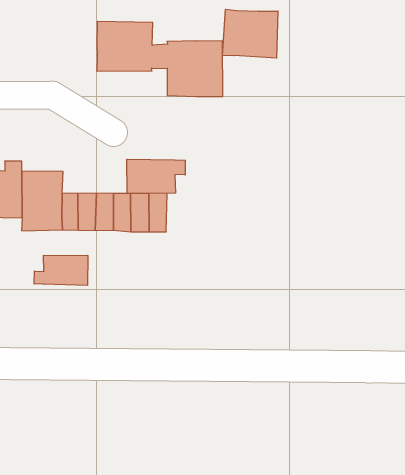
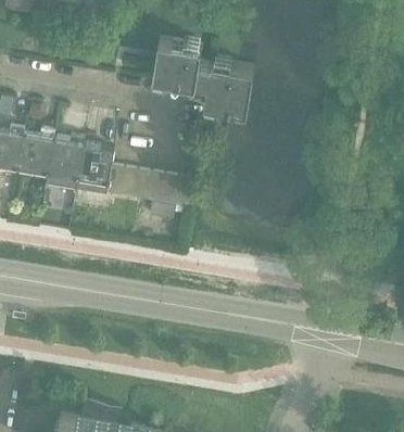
building: [222,9,278,58] -> none
building: [127,159,185,194] -> none
building: [34,255,88,285] -> none

